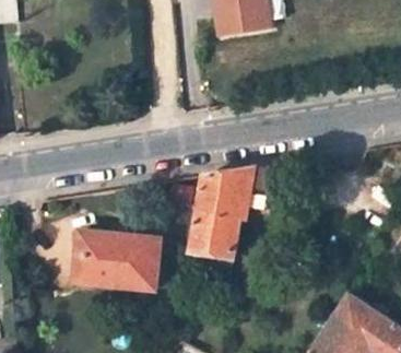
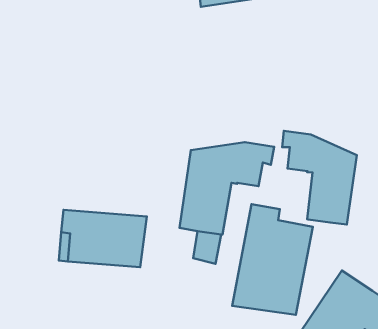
building: none -> [282,131,357,224]
building: none -> [232,204,313,315]

